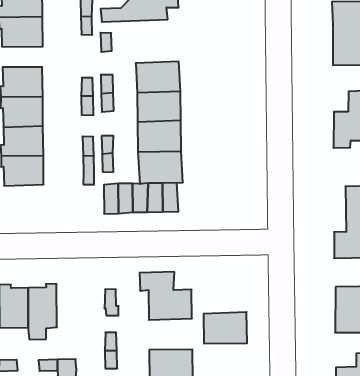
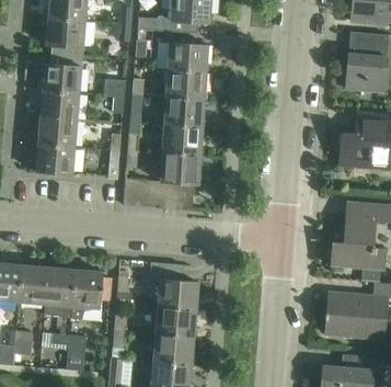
building: none -> [165,43,207,72]
building: none -> [70,265,112,319]
building: [204,312,247,344] -> [153,306,195,337]

